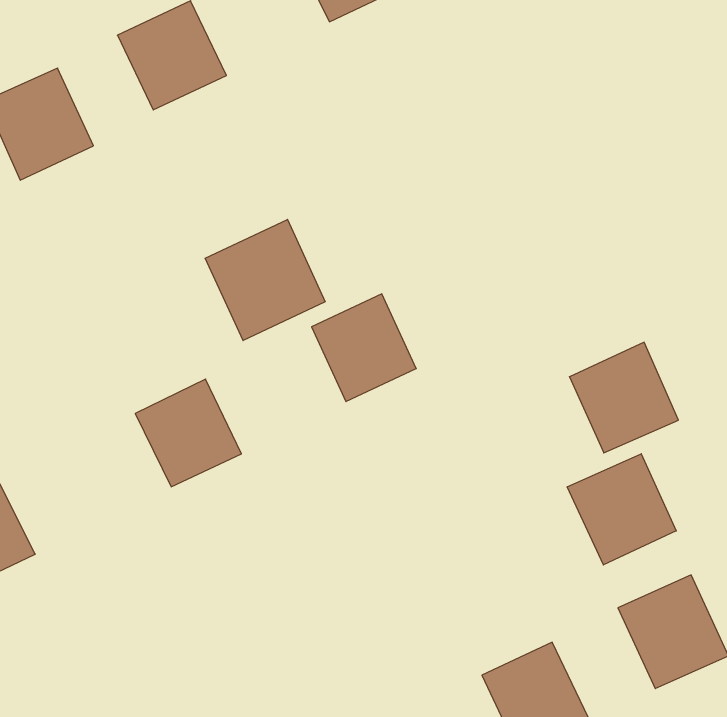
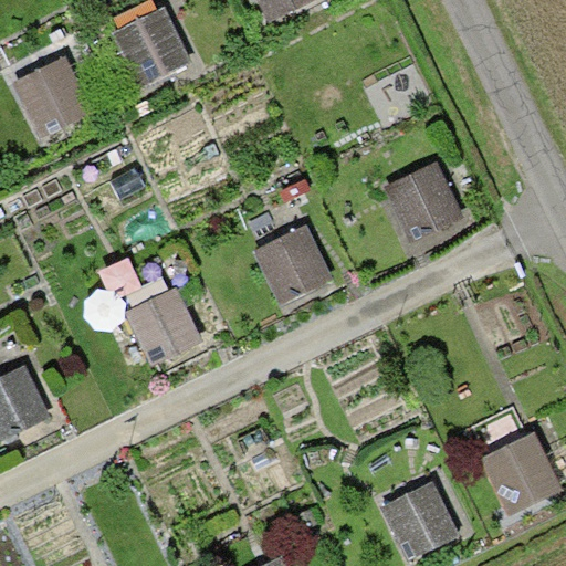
building: [205,219,325,341] -> none
building: [569,342,678,453] -> [381,160,462,242]
building: [567,454,676,565] -> none

